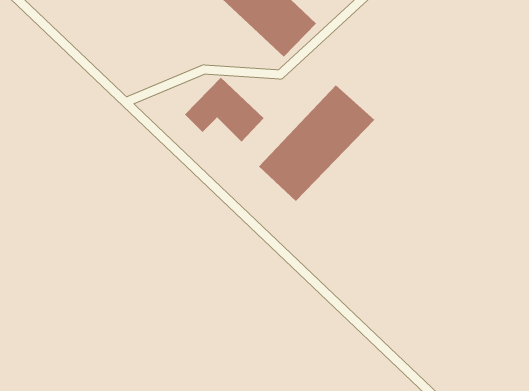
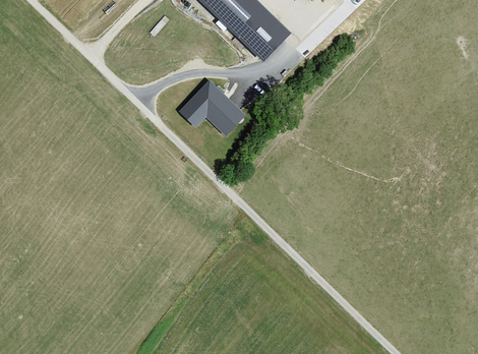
building: [258,85,375,202] -> none

